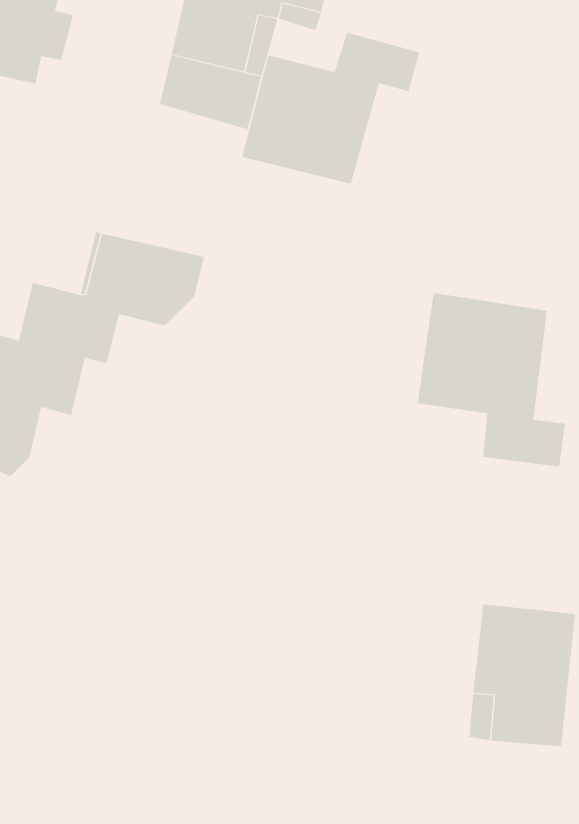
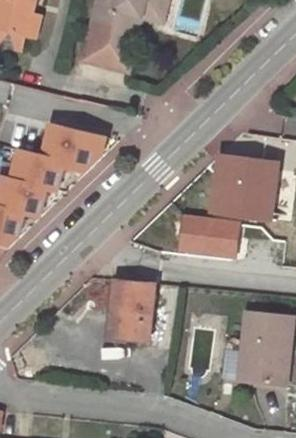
building: [242,32,420,185] -> none
building: none -> [180,216,240,256]
building: none -> [109,278,155,339]

